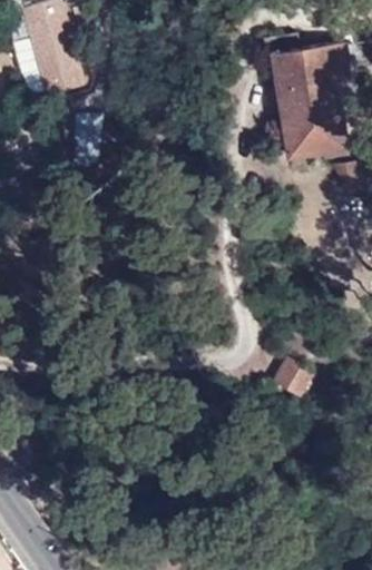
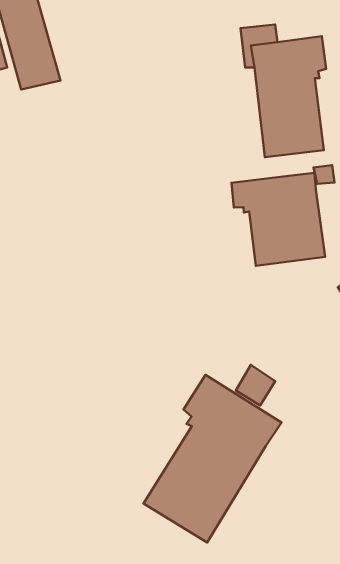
building: none -> [231,173,325,266]
building: none -> [143,375,281,542]

